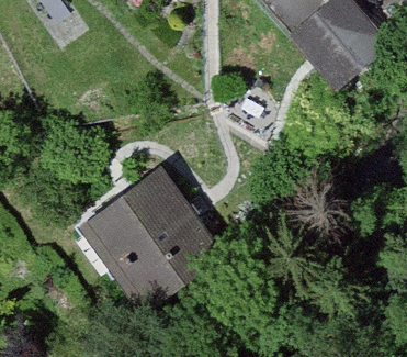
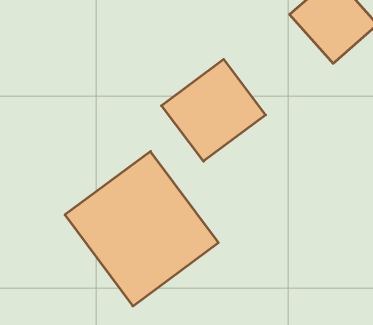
building: none -> [161,59,266,161]

